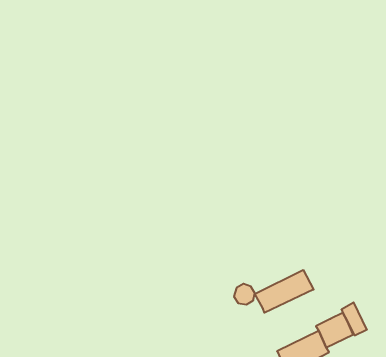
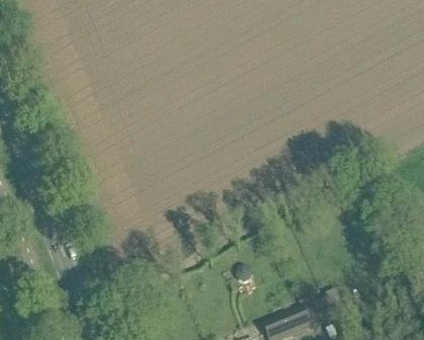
building: [255,270,314,313] -> none

